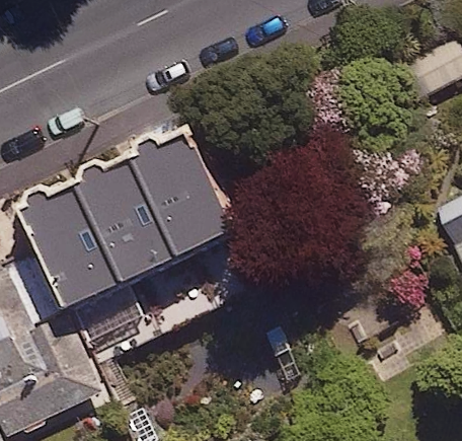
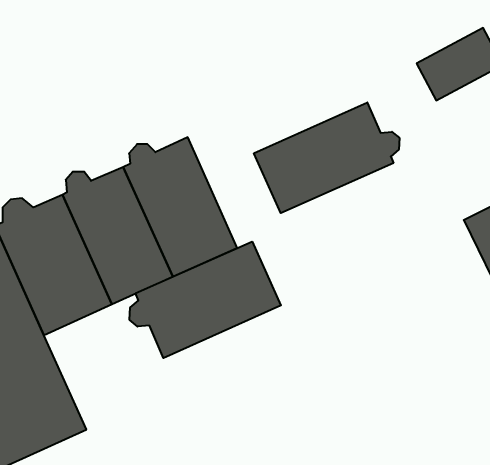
building: none -> [254,102,399,213]
building: none -> [130,242,281,358]

